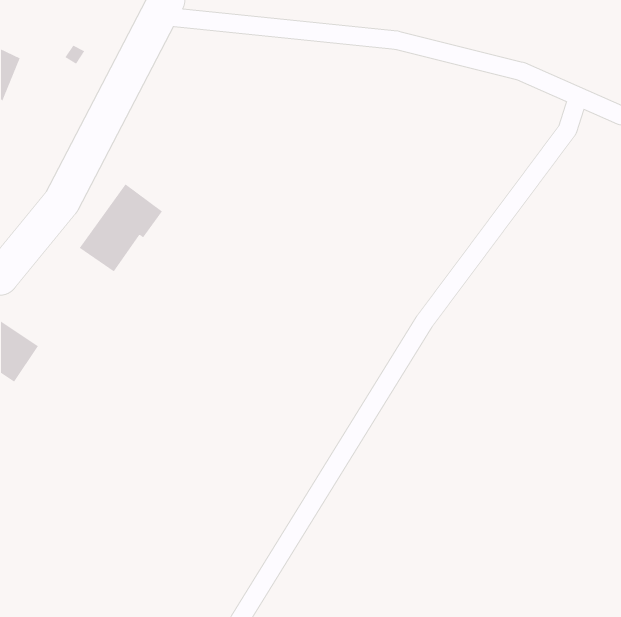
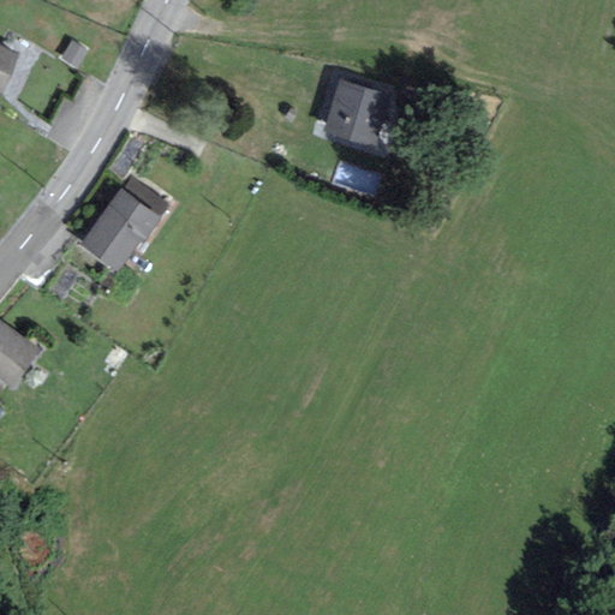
building: none -> [324,79,390,145]

